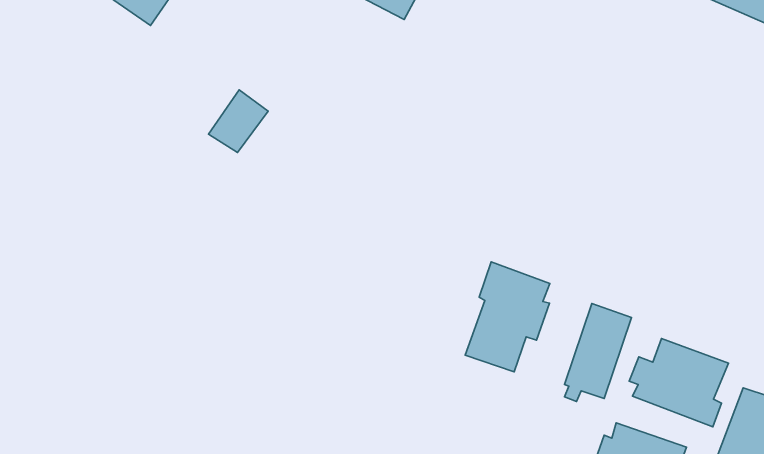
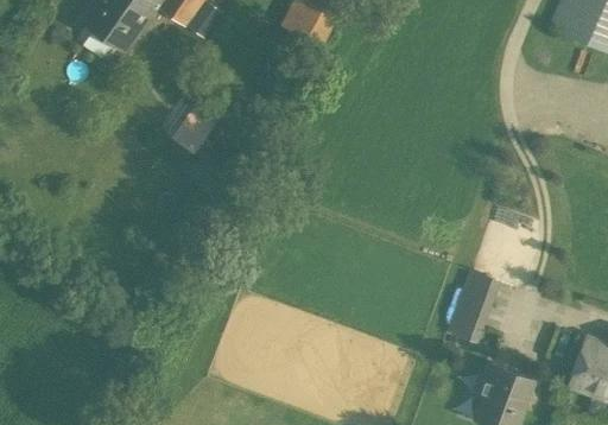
building: [465,262,550,372] -> none
building: [629,339,728,427] -> none

